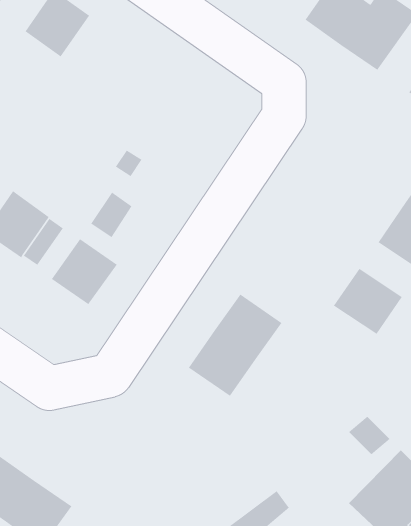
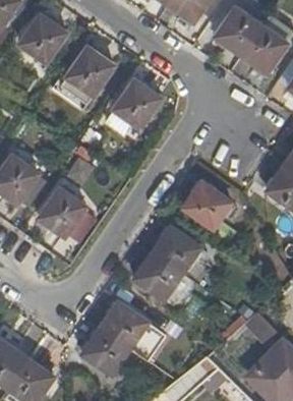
building: none -> [55,48,112,112]
building: none -> [113,80,159,128]
building: [333,268,403,335] -> [182,183,231,230]
building: none -> [81,303,146,376]

